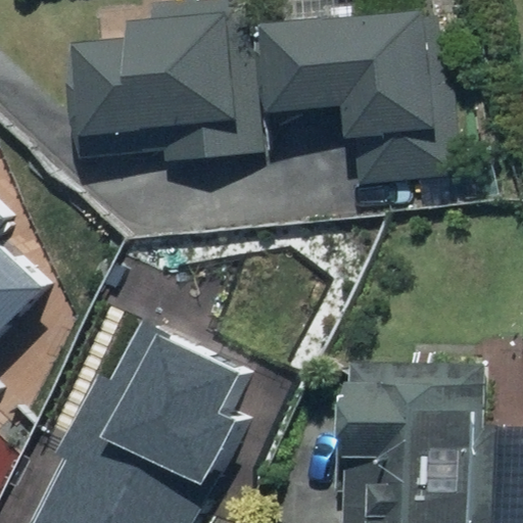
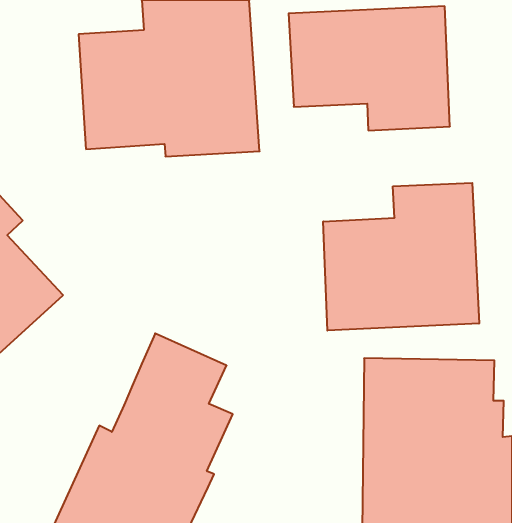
building: none -> [323,183,479,331]

